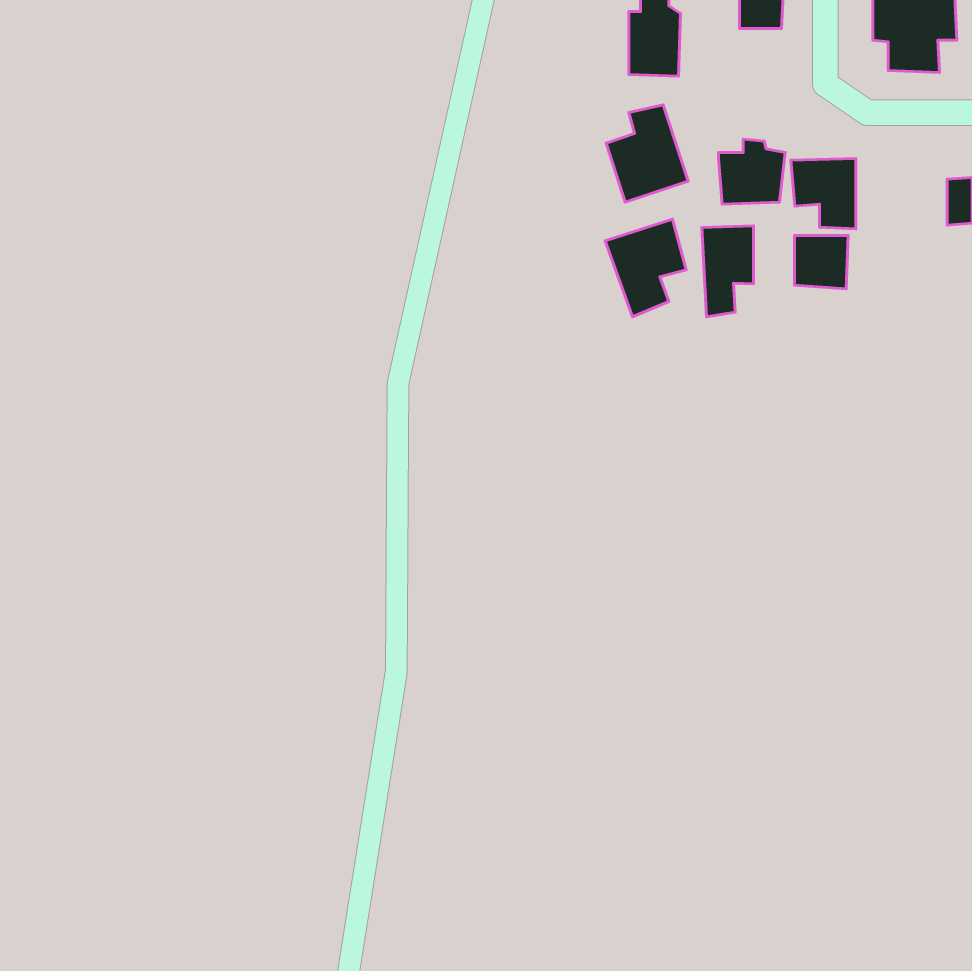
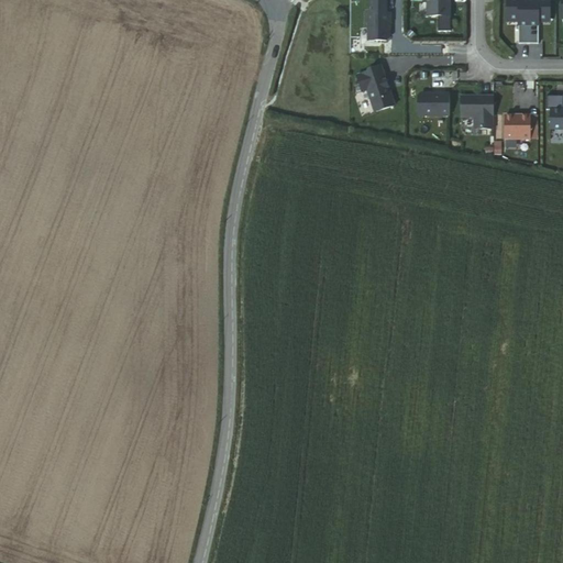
building: [605,219,686,317] -> none
building: [702,226,753,317] -> none
building: [795,235,848,289] -> [503,111,533,142]

